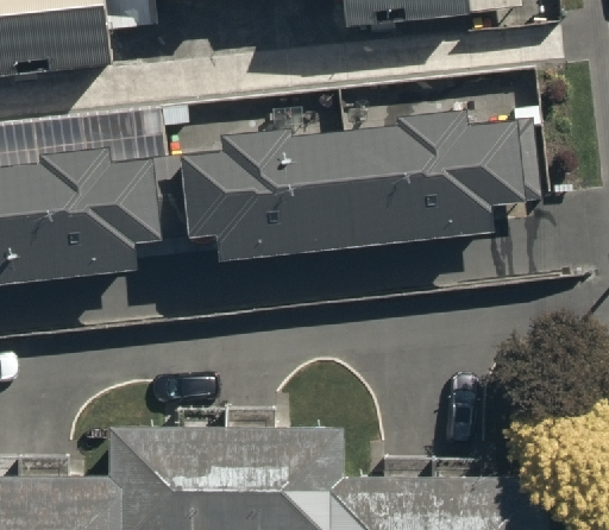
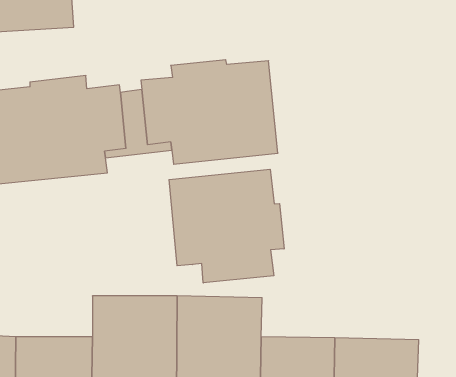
building: [345,100,540,238] -> none
building: none -> [169,169,284,283]

